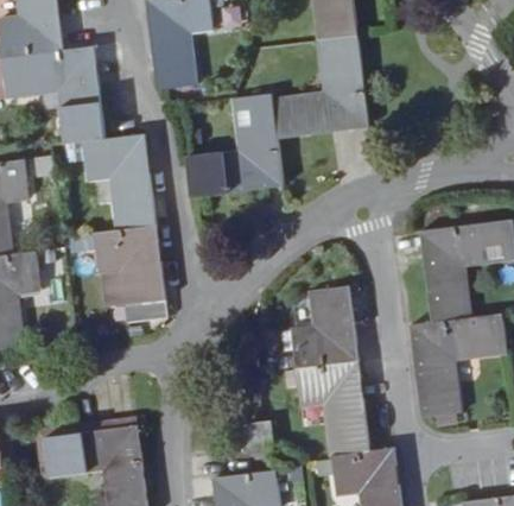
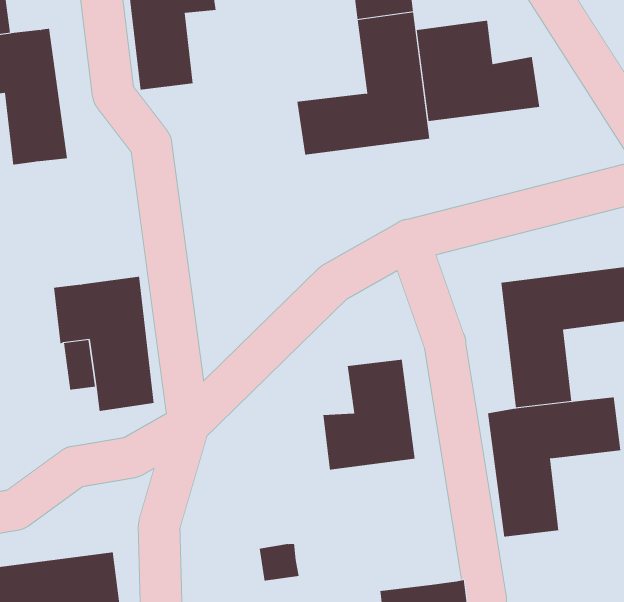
building: none -> [416,20,540,122]
building: [185,94,283,197] -> none
building: [82,134,157,232] -> none
building: [294,359,369,455] -> none

